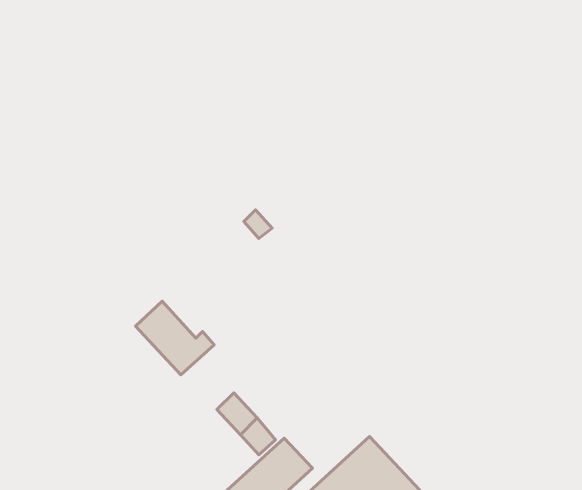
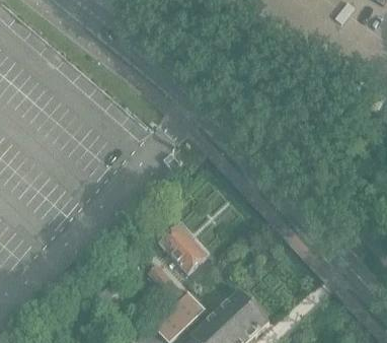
building: [135,301,214,375] -> [159,228,207,273]

